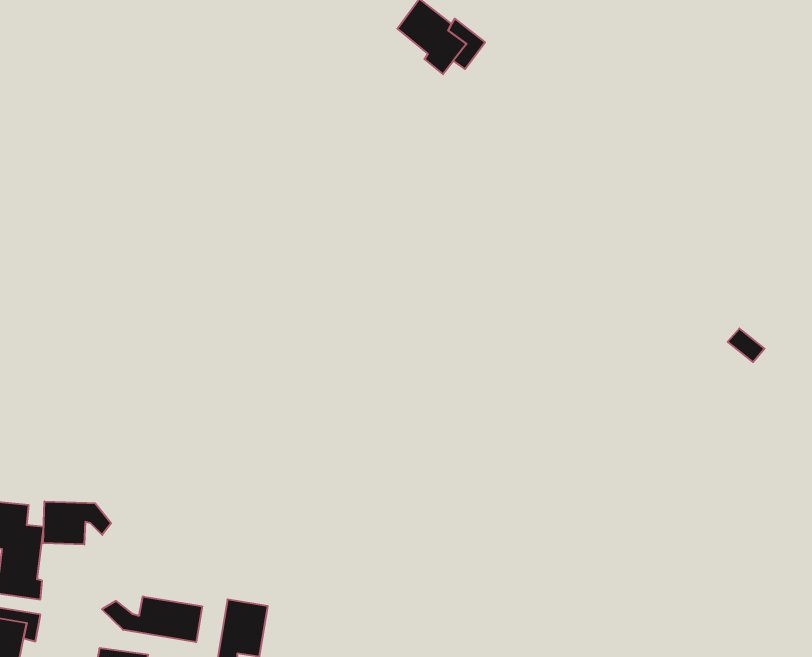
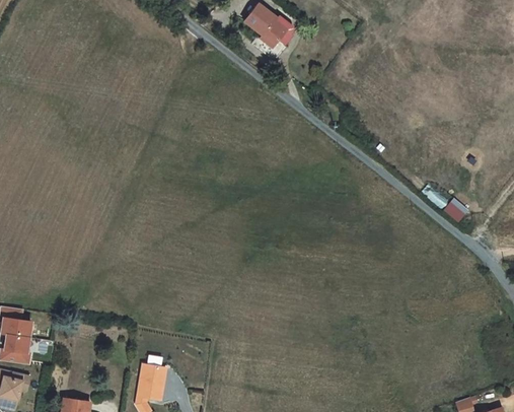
building: [43,501,111,545] -> none
building: [102,596,202,642] -> none

